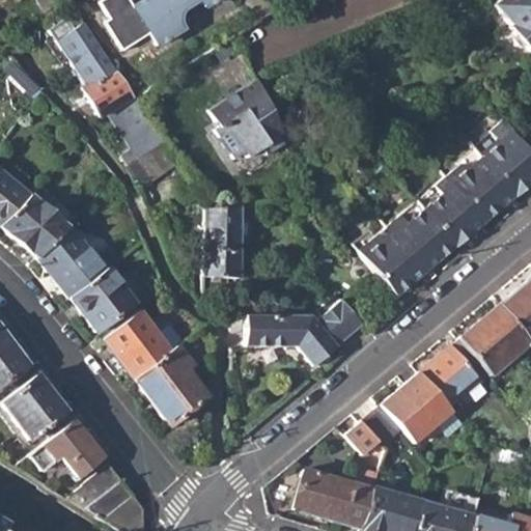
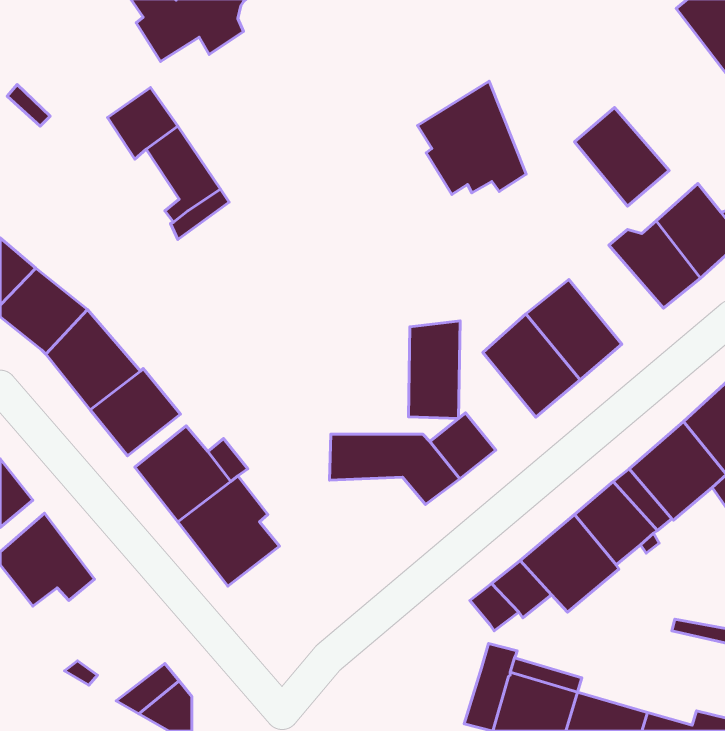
building: [59,18,114,85] -> none
building: [206,76,285,158] -> [417,81,526,194]
building: [417,177,485,249] -> [575,107,669,206]
building: [205,204,243,275] -> [409,321,460,418]
building: [29,419,105,476] -> none
building: [82,462,124,501] -> none
building: [294,470,354,524] -> none

